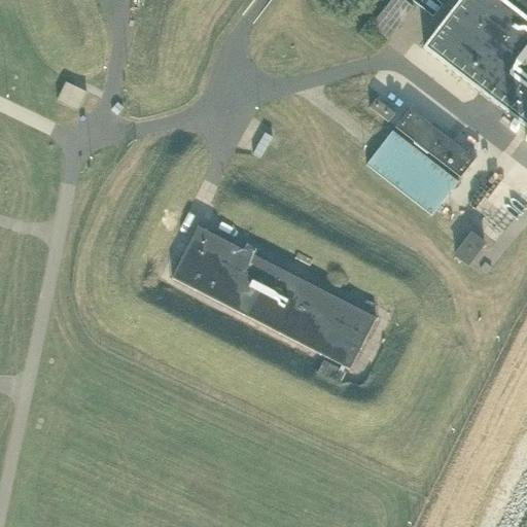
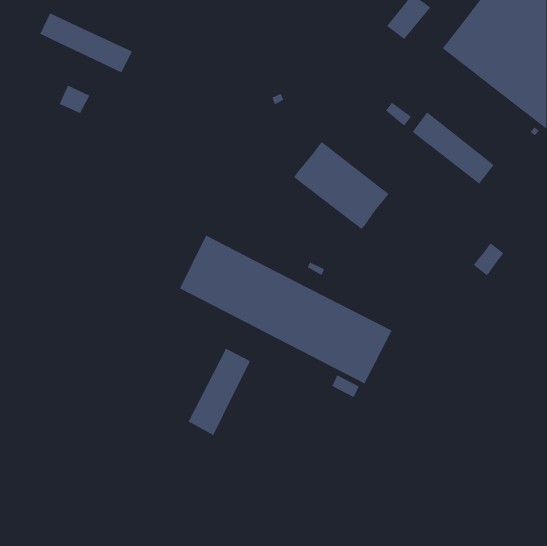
building: none -> [40,13,133,73]
building: [365,130,458,214] -> [293,142,390,230]
building: none -> [188,348,251,436]

